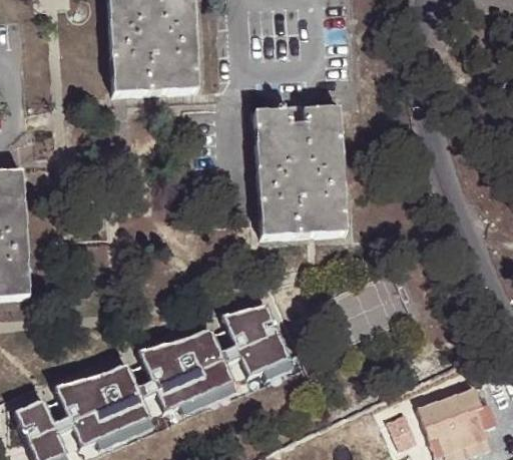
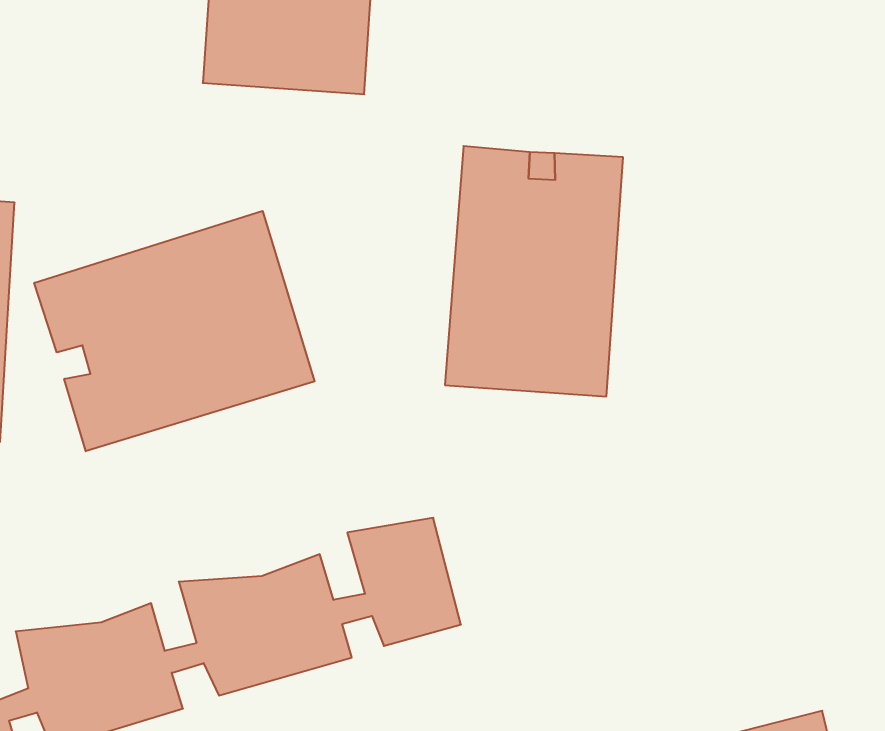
building: none -> [34,211,315,451]

